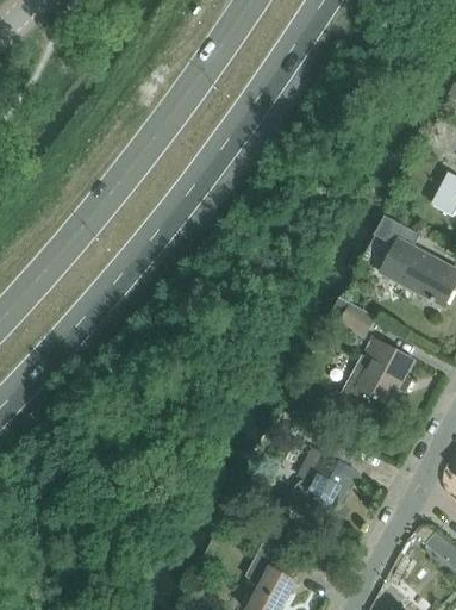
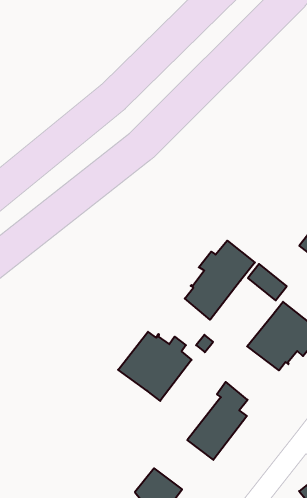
building: none -> [185,241,255,320]
building: none -> [118,332,192,401]

